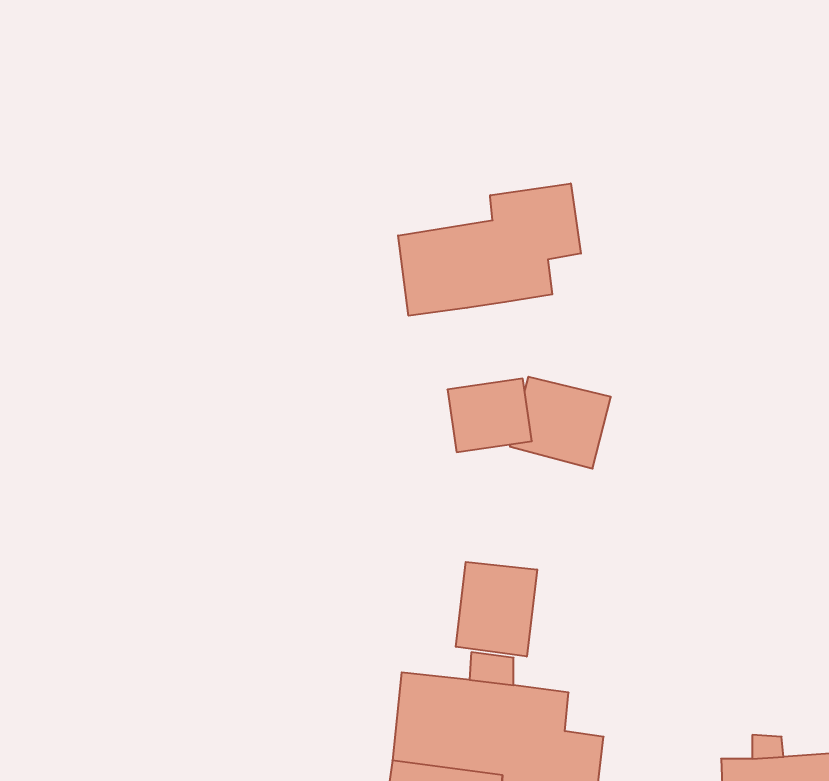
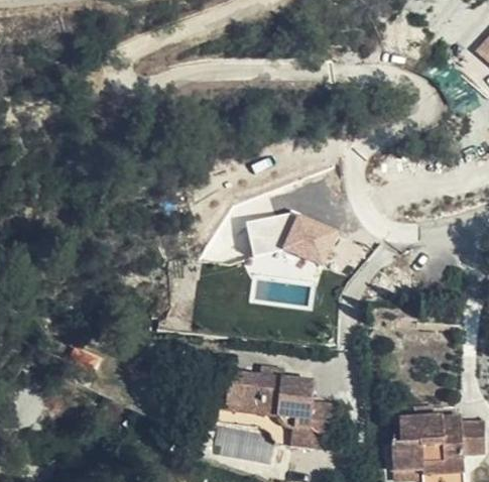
building: [398,183,581,316] -> none
building: [456,562,537,657] -> none

